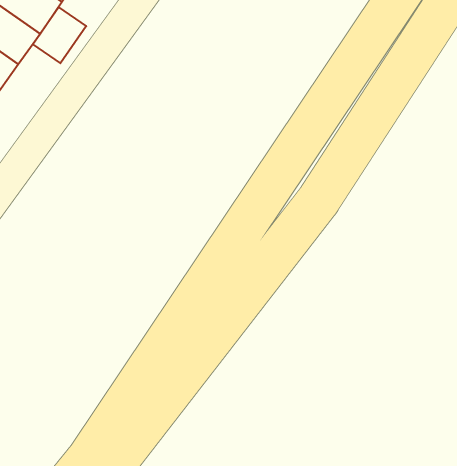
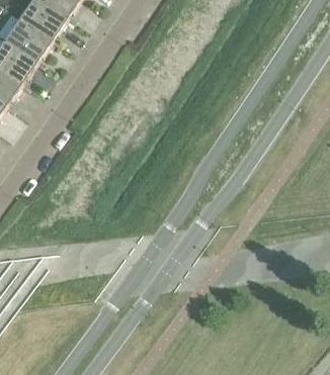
building: [33,7,86,63] -> none

